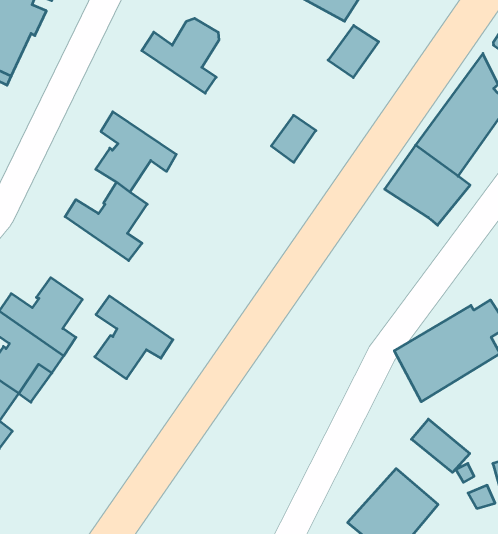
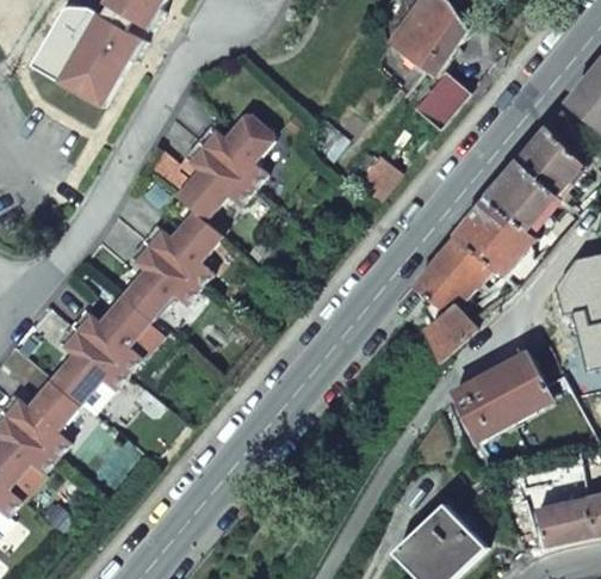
building: [142,18,219,93] -> [200,112,275,185]
building: none -> [408,236,494,363]
building: [95,296,173,379] -> [126,235,203,316]
building: [411,419,470,472] -> none

